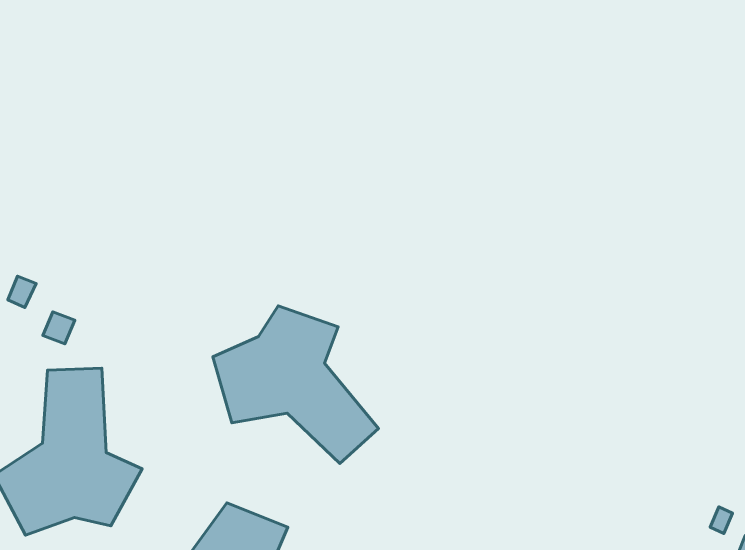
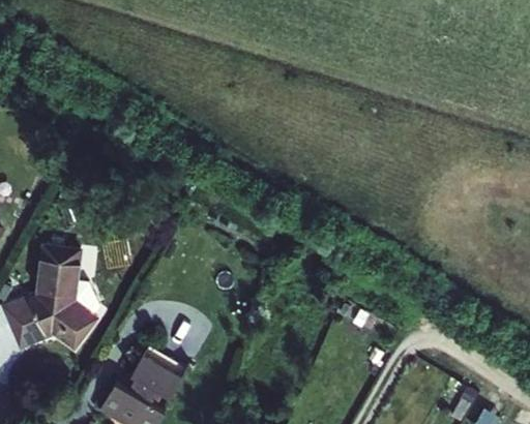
building: [213,306,379,463] -> none

